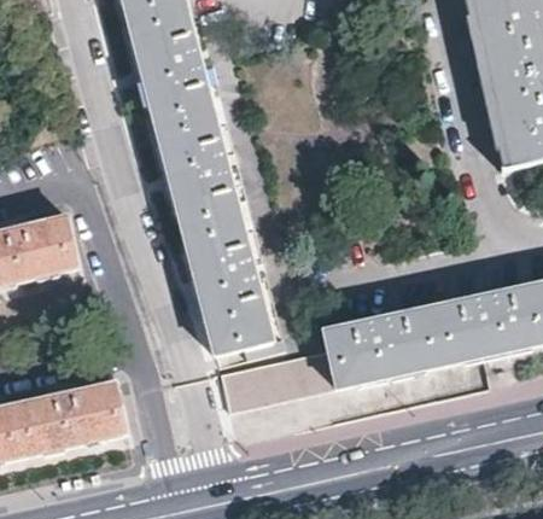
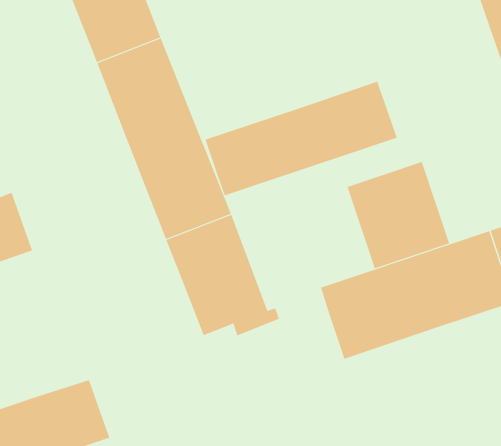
building: none -> [205,81,397,196]
building: none -> [347,161,450,269]
building: [226,350,334,412] -> none

